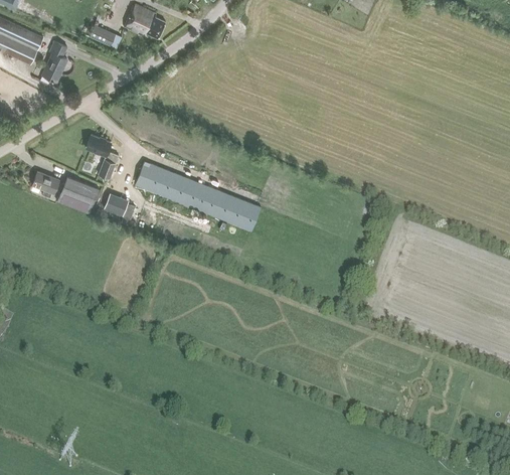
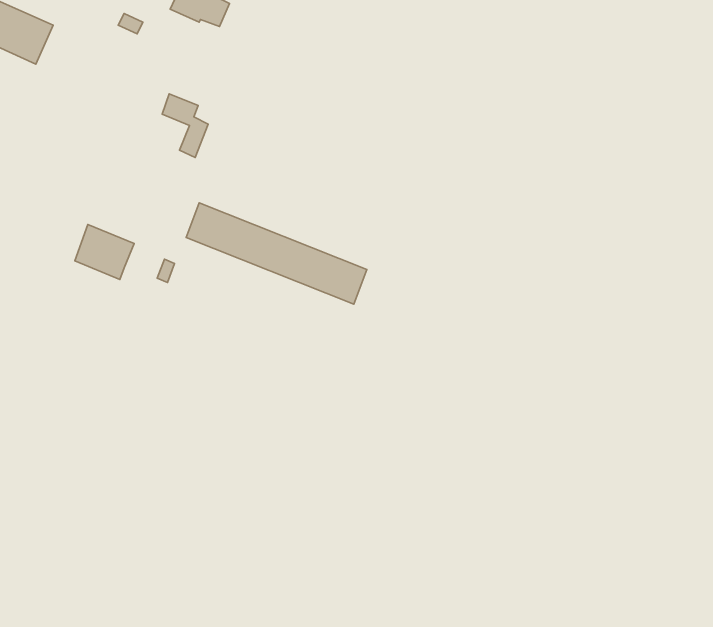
building: [42,40,66,81] -> none
building: [86,134,118,178] -> [162,94,208,157]
building: [32,171,58,197] -> none

